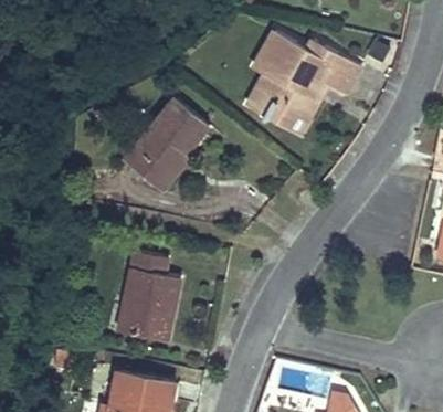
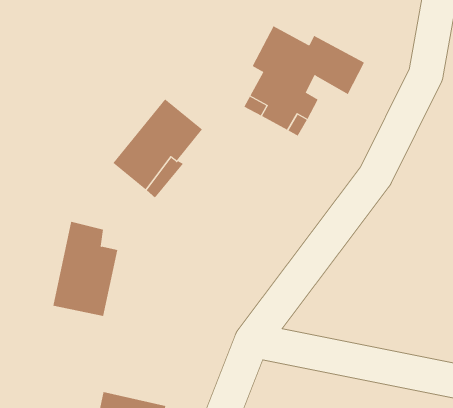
building: [118,251,179,339] -> [53,221,118,317]

